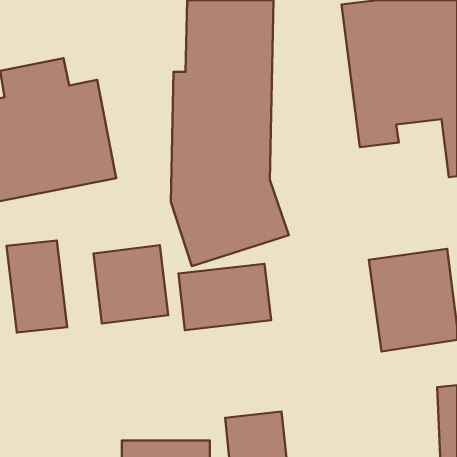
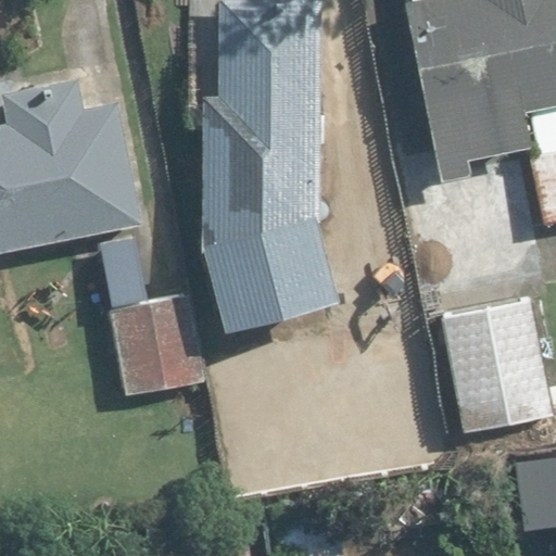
building: [7,240,67,333] -> none
building: [178,264,271,330] -> none

